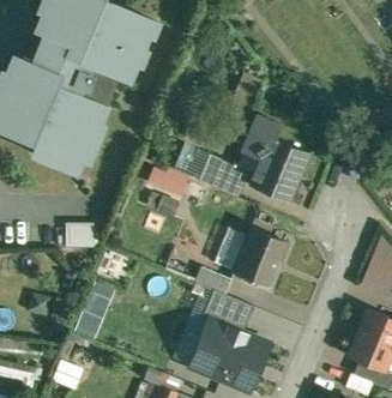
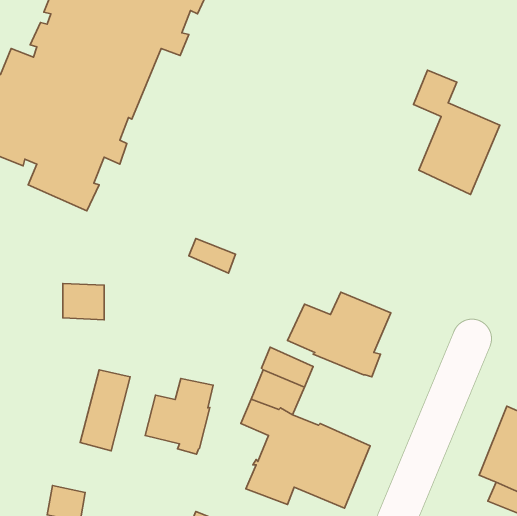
building: [248,116,308,203] -> [414,70,500,194]
building: [197,158,242,192] -> none
building: [141,162,185,197] -> none
building: none -> [145,379,213,454]

